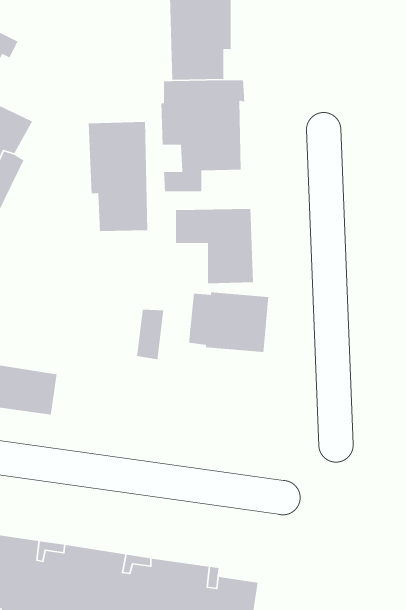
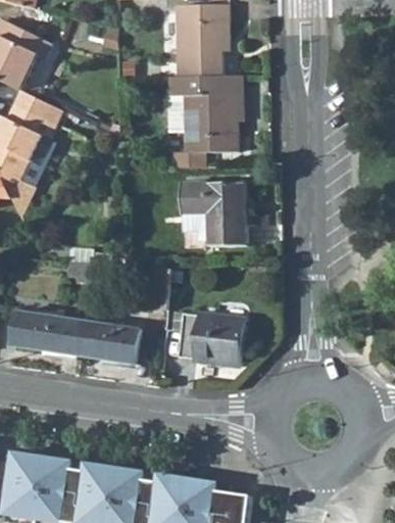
building: [88,121,148,232] -> none
building: [188,292,269,353] -> [179,311,246,362]
building: none -> [78,321,139,364]

